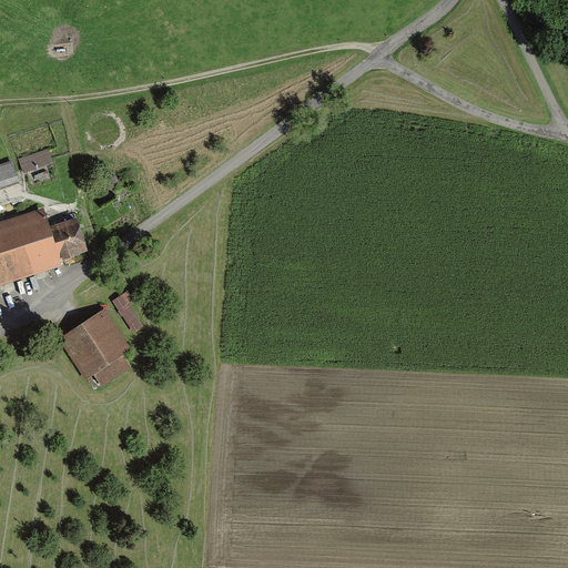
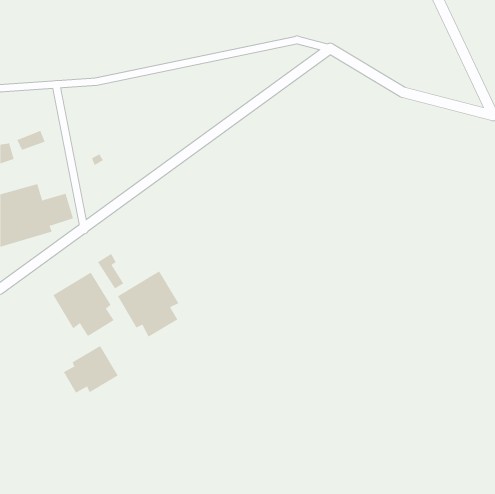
building: none -> [117,270,179,337]
building: none -> [63,345,118,394]

